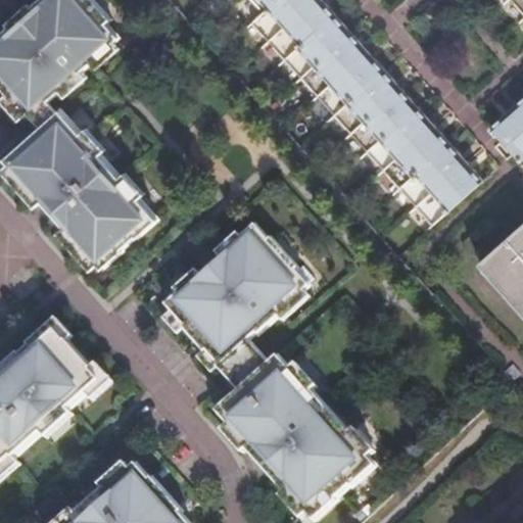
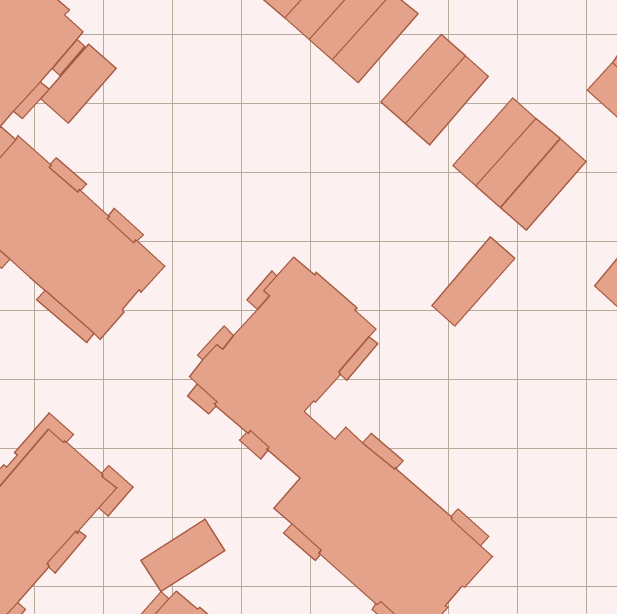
building: none -> [41,44,116,123]
building: [317,50,383,112] -> none
building: [365,103,431,167] -> [432,237,515,326]
building: none -> [141,519,225,592]

